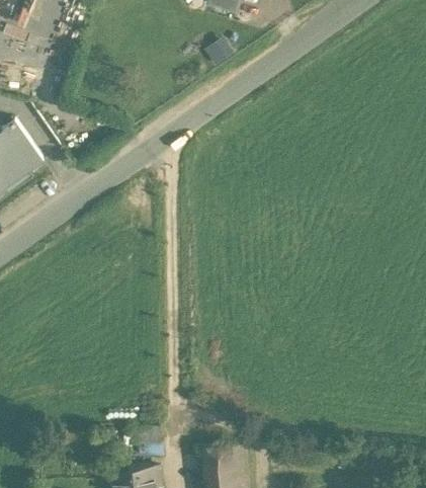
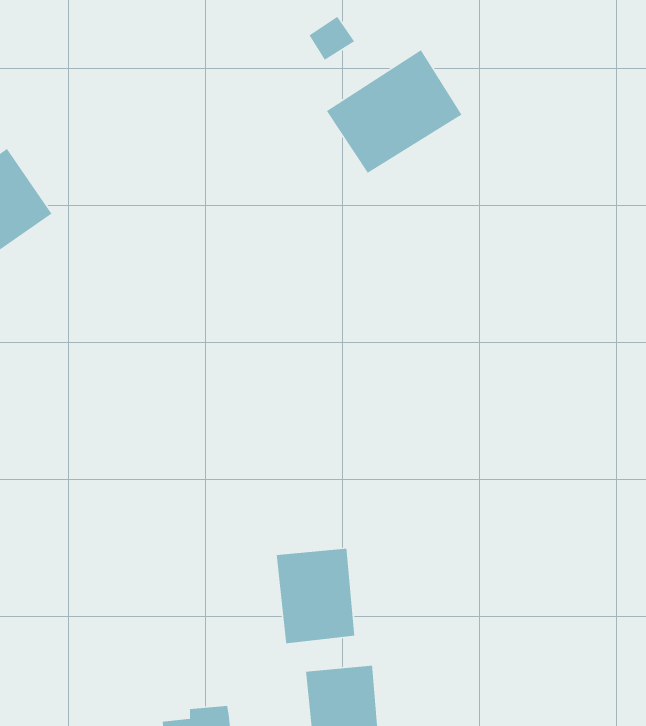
building: none -> [326,49,463,174]
building: none -> [276,548,355,644]

